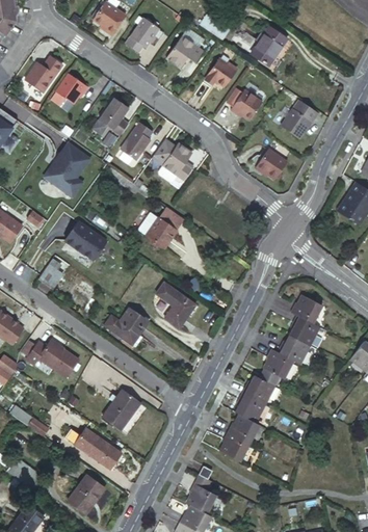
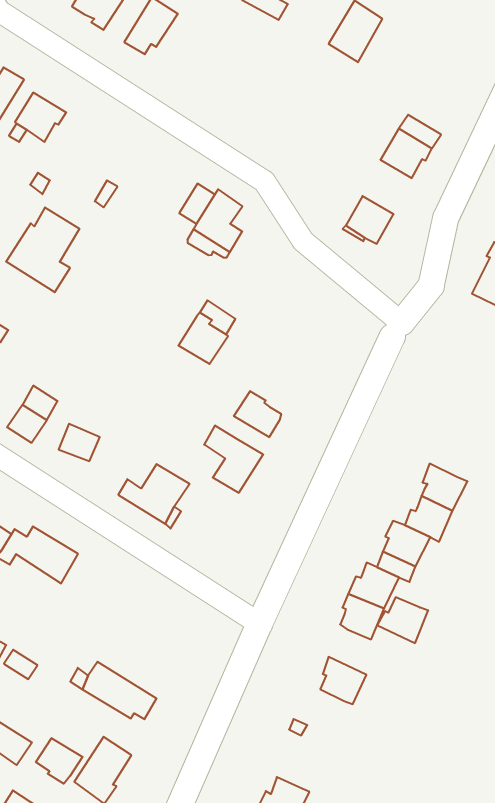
building: [164,35,202,66] -> none
building: [204,57,236,85] -> none
building: [229,88,261,119] -> none
building: [91,95,128,132] -> none
building: [119,119,151,158] -> none
building: [64,220,107,259] -> none
building: none -> [234,391,281,437]
building: [293,297,324,325] -> none
building: [107,393,143,431] -> none
building: [229,416,261,445] -> [377,597,428,643]
building: none -> [36,738,83,784]
building: [188,483,217,513] -> none

